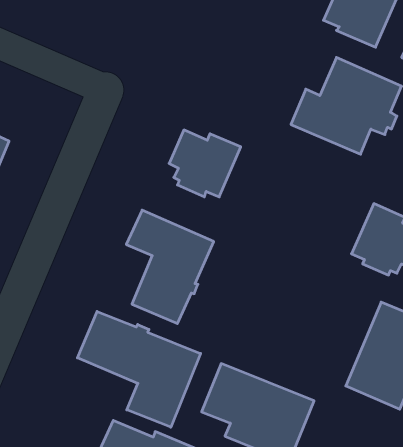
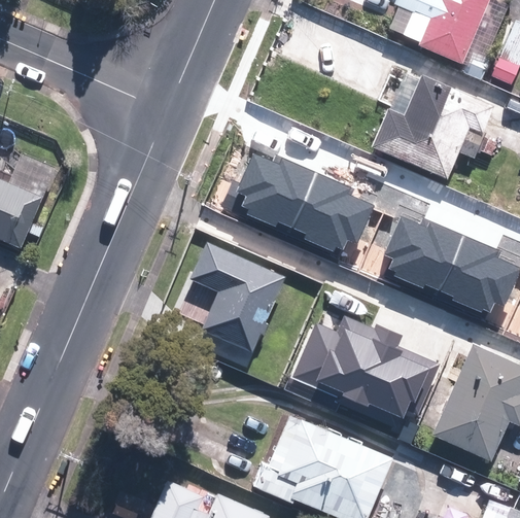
building: none -> [290,172,372,252]
building: none -> [382,216,461,290]
building: none -> [289,315,439,418]
building: [77,311,201,427] -> none

